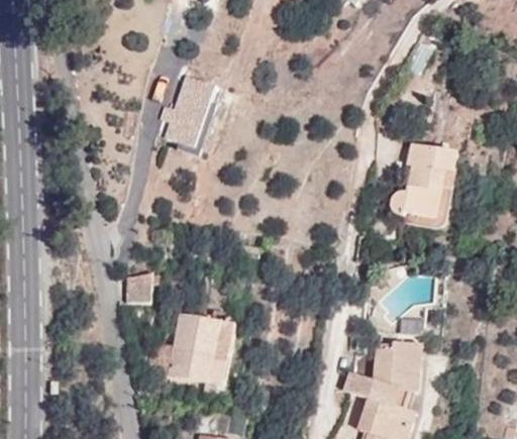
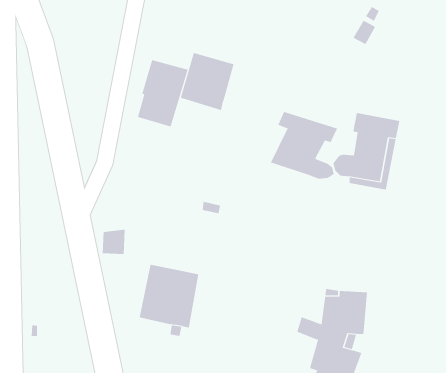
building: none -> [180,52,234,111]
building: none -> [270,111,338,179]

